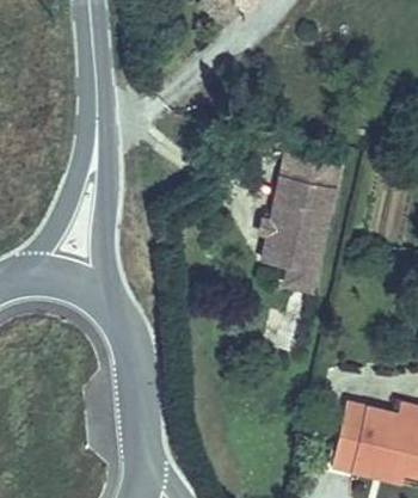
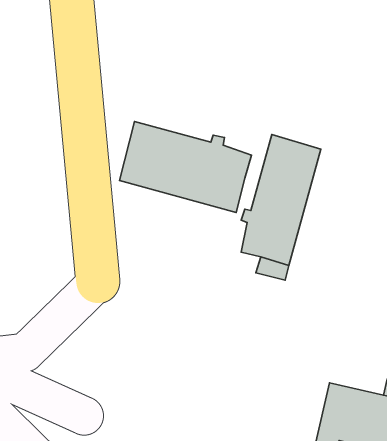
building: none -> [120,121,252,212]

